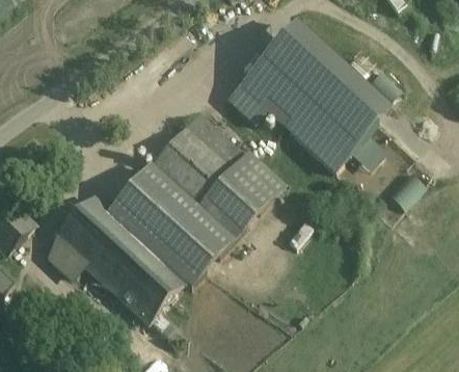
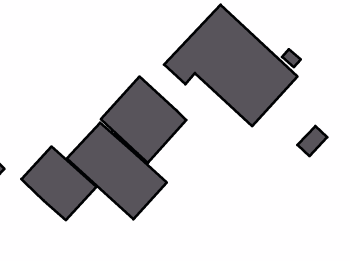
building: [193,151,280,240] -> none
building: [48,240,80,275] -> none
building: [106,245,184,323] -> none

